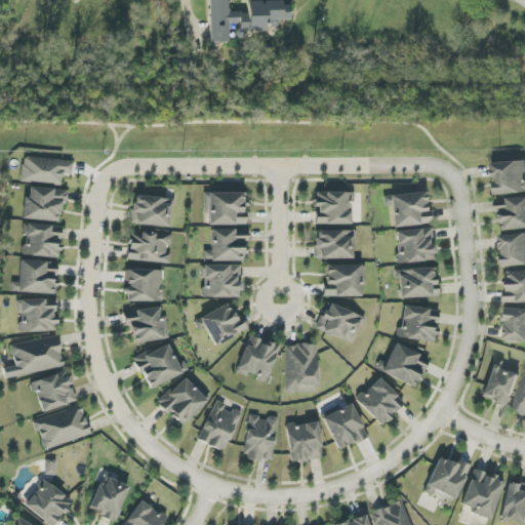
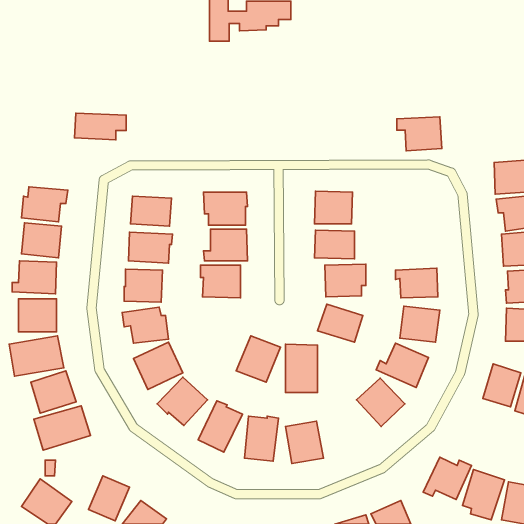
building: [22,157,73,184] -> [75,113,126,140]
building: [385,192,430,226] -> [397,117,442,151]
building: [397,228,436,262] -> none
building: [199,304,249,347] -> none
building: [322,400,368,450] -> none

